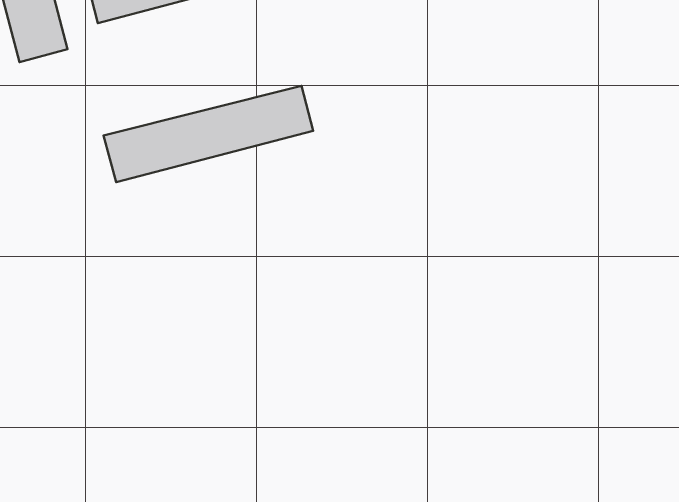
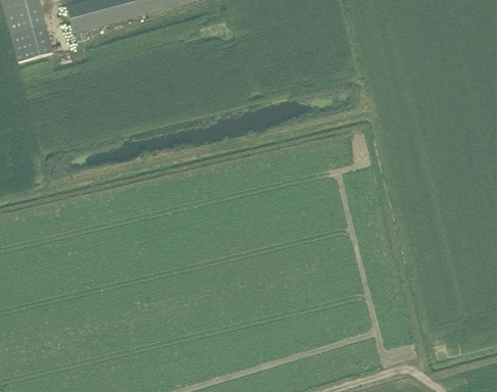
building: [104,86,313,182] -> none

